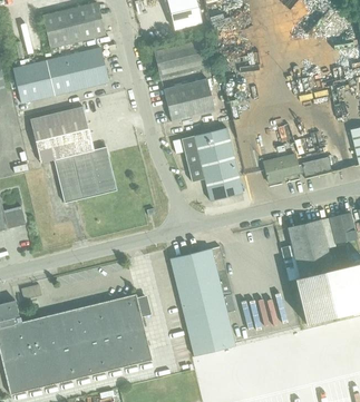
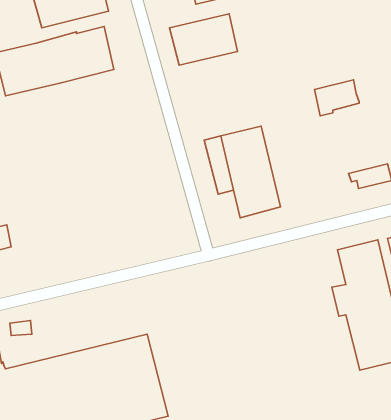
building: [163,79,214,122] -> none
building: [29,108,116,205] -> none
building: [263,155,299,184] -> [315,80,359,116]
building: [169,246,235,356] -> none

